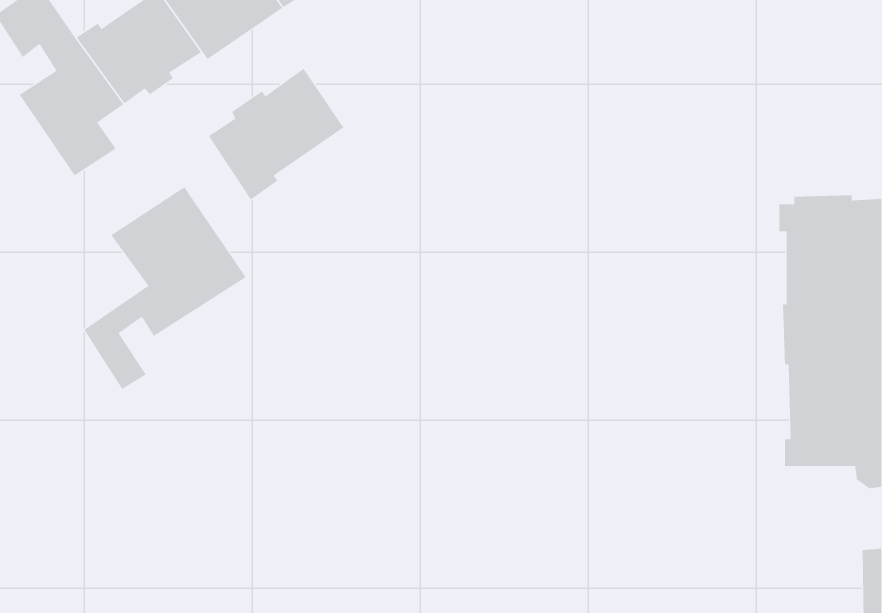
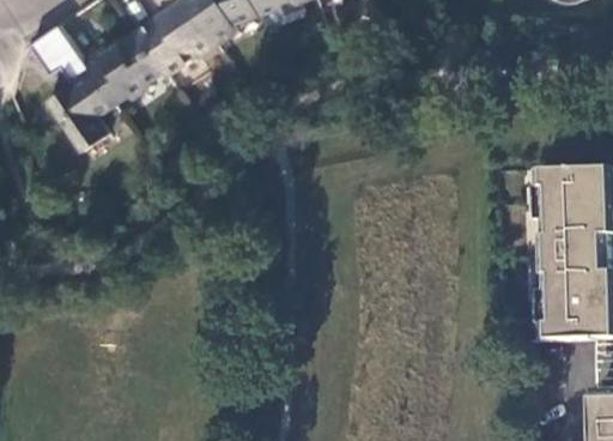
building: [208,68,344,200] -> none
building: [83,187,247,390] -> none

